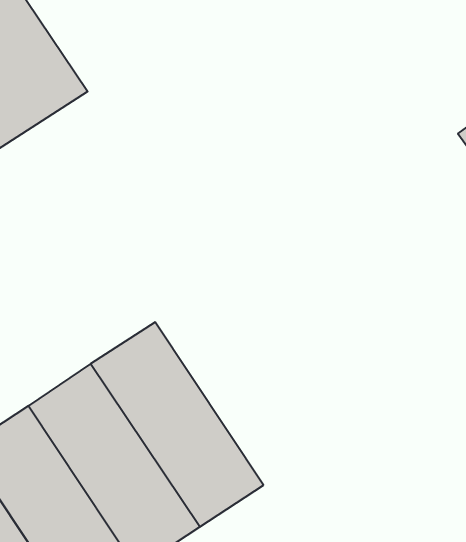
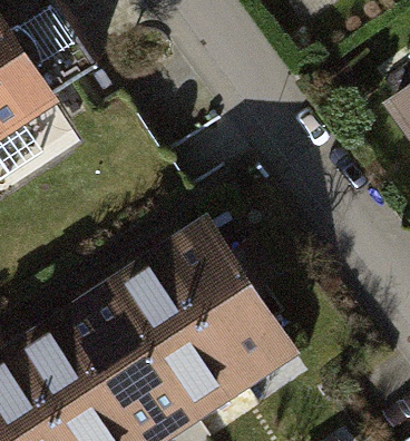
building: none -> [163,227,296,386]

